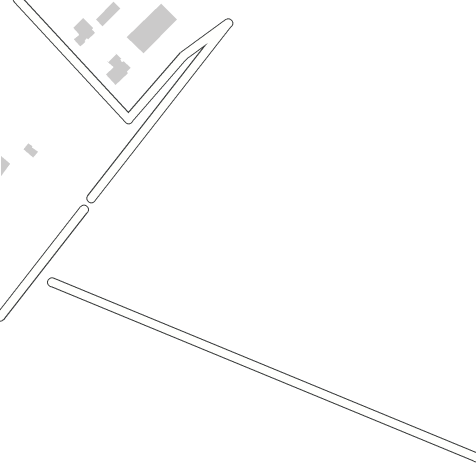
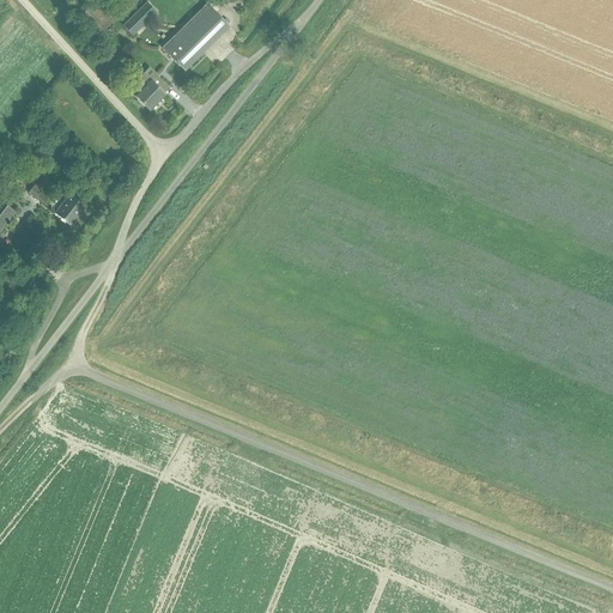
building: [72,17,96,48] -> none
building: none -> [54,193,86,225]

